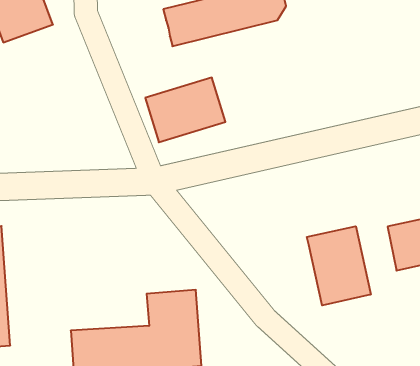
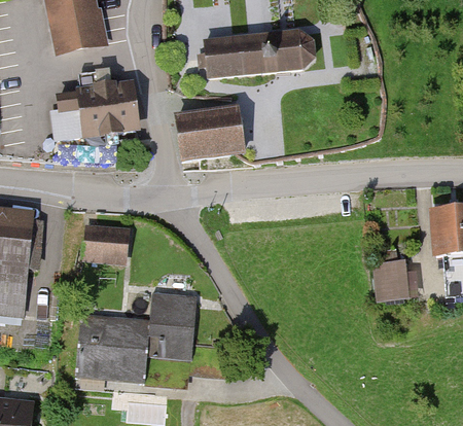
building: none -> [52,70,137,137]
building: [307,226,371,305] -> none
building: none -> [81,224,129,272]

